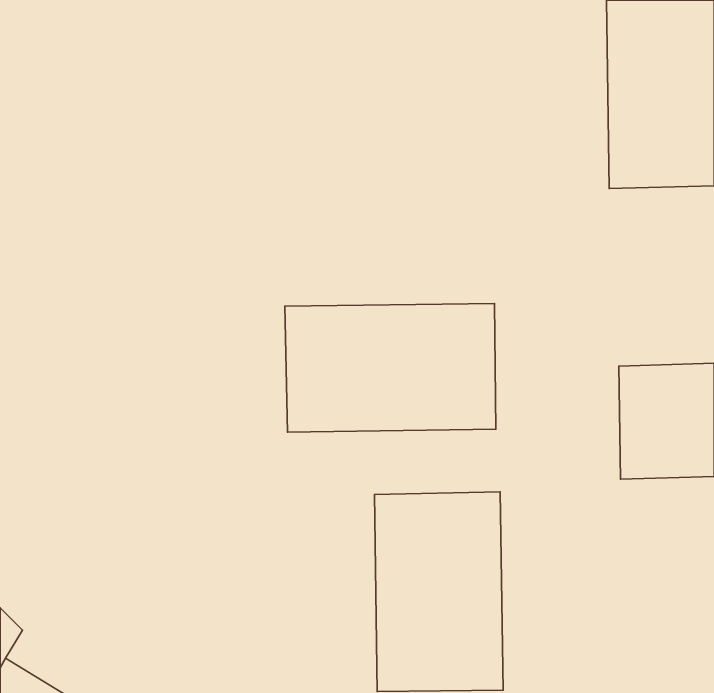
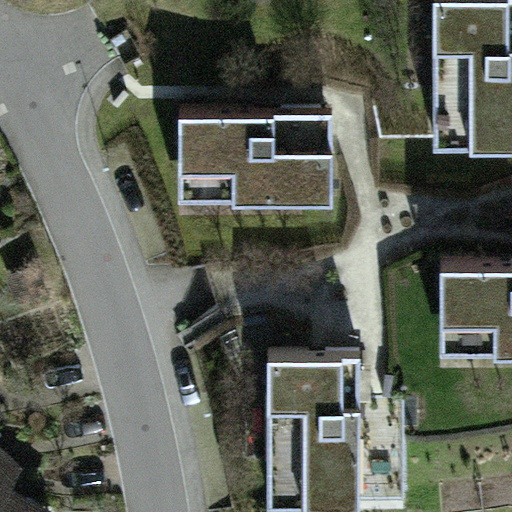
building: [285,304,496,432] -> [179,116,330,208]

